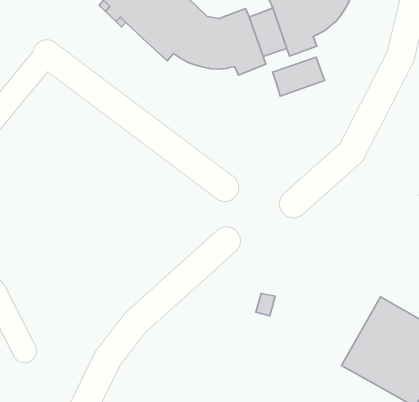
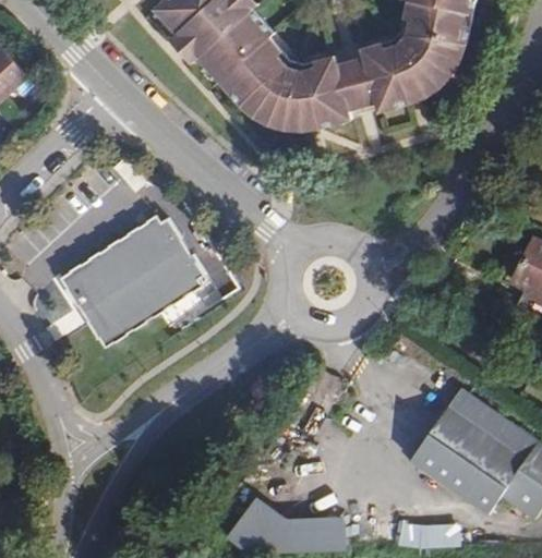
building: [272,57,325,96] -> none
building: none -> [67,209,210,342]

